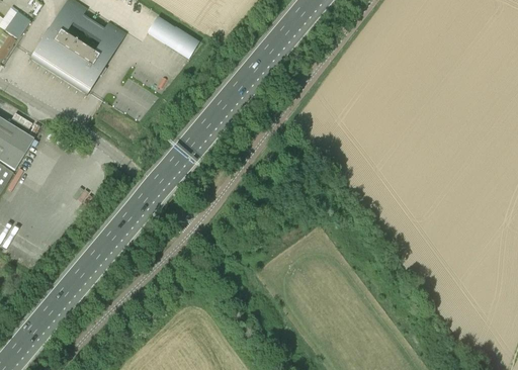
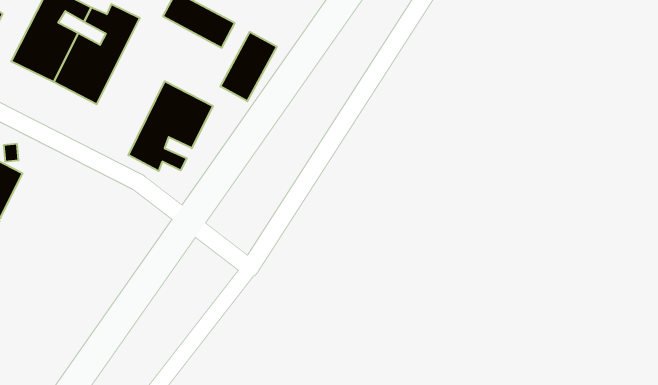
building: none -> [220,32,277,101]
building: none -> [128,81,213,171]

